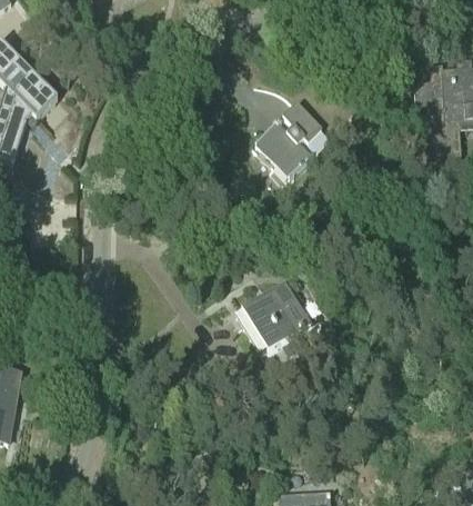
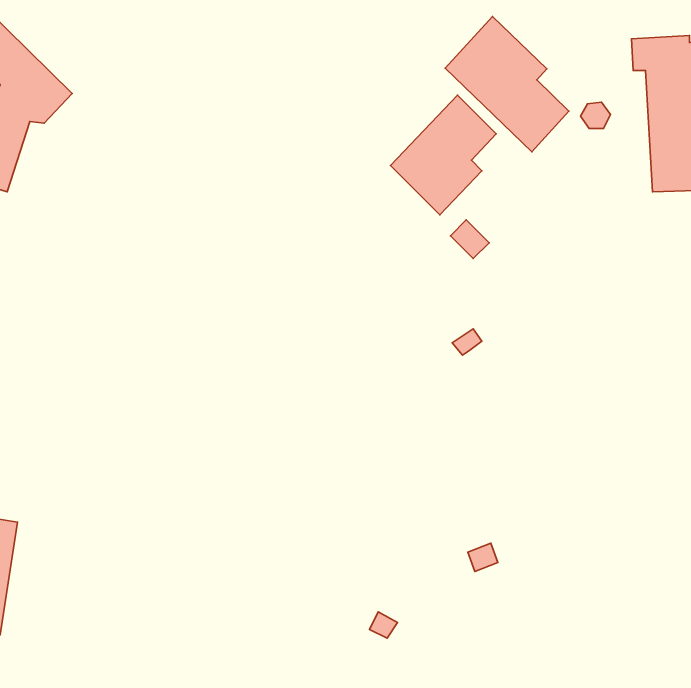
building: none -> [445,17,569,152]
building: [241,280,312,350] -> none

